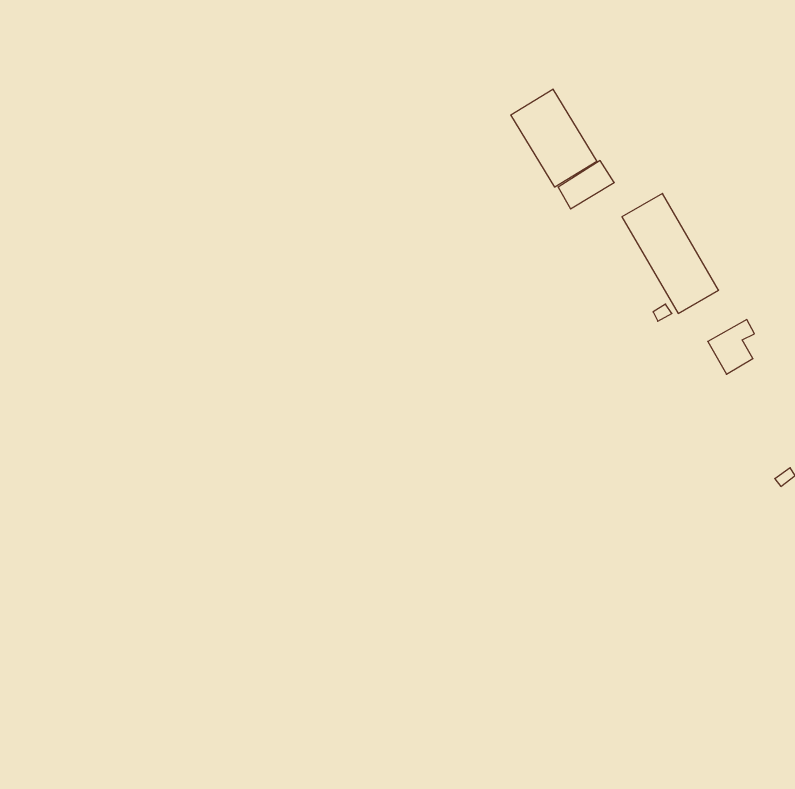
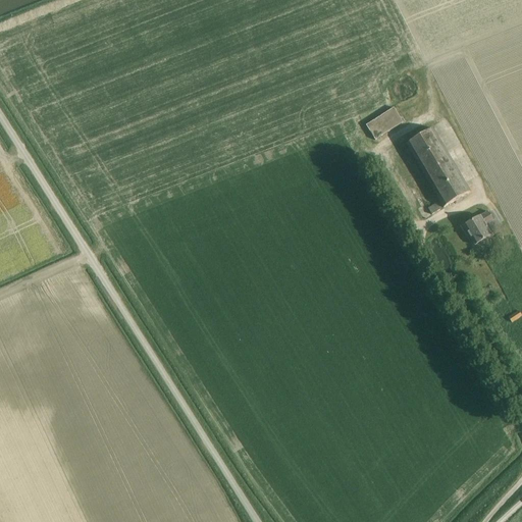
building: [511,89,597,187] -> none

